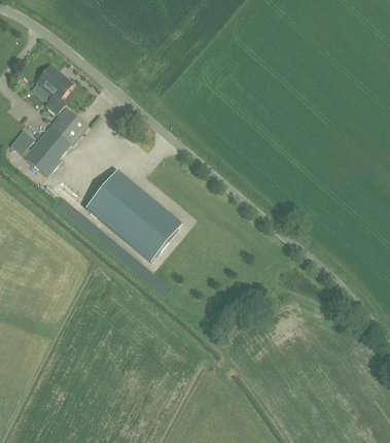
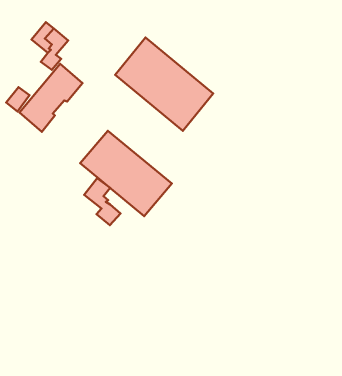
building: none -> [115,37,213,131]
building: none -> [84,178,121,225]

